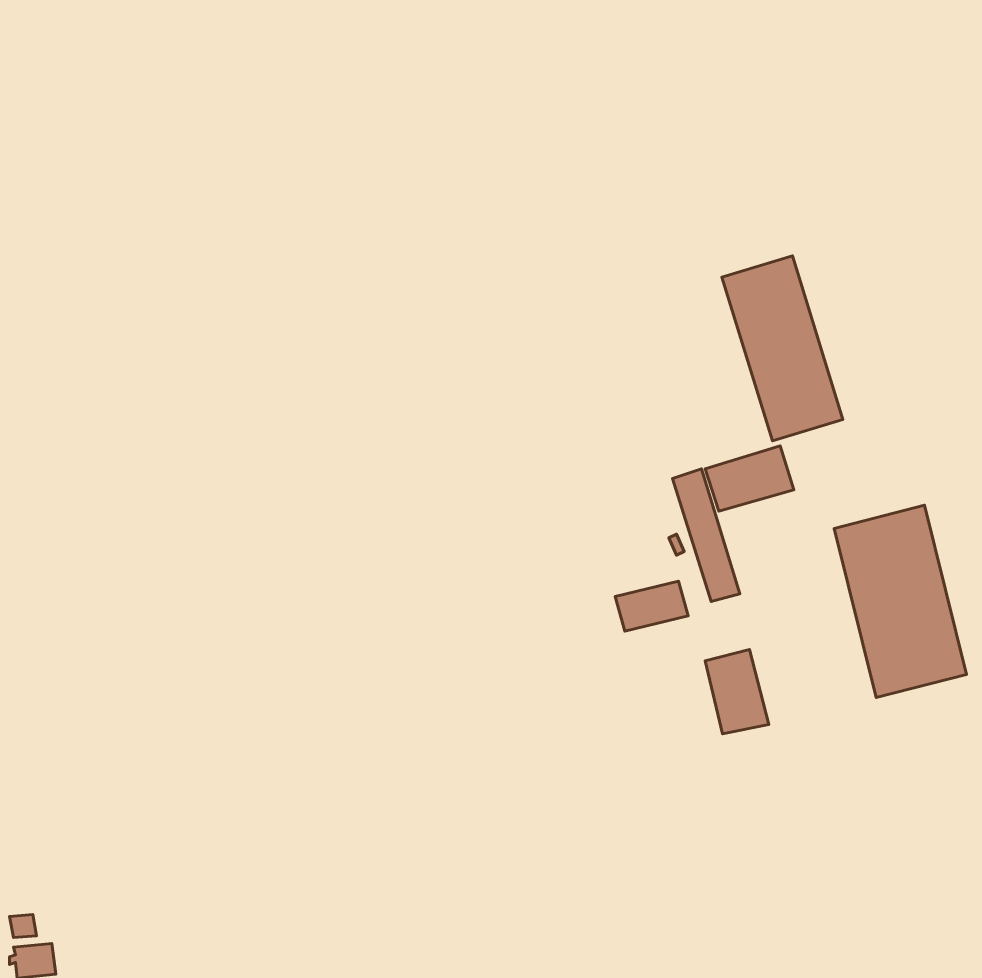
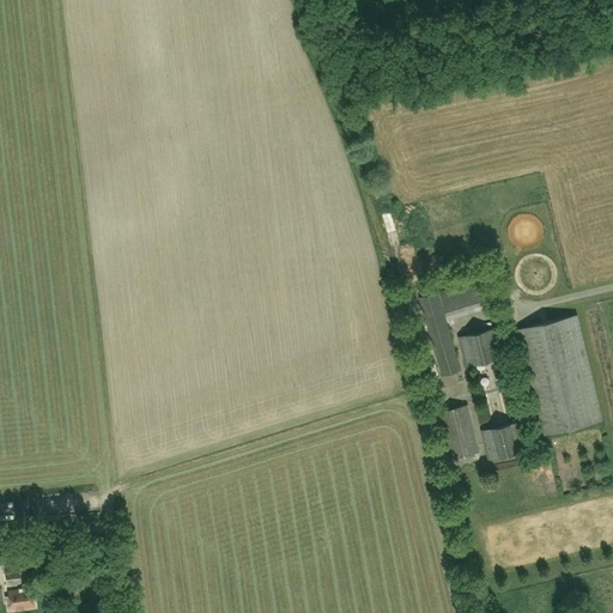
building: [722,256,843,441] -> none
building: [615,581,688,631] -> [459,330,504,362]
building: none -> [481,424,528,461]

